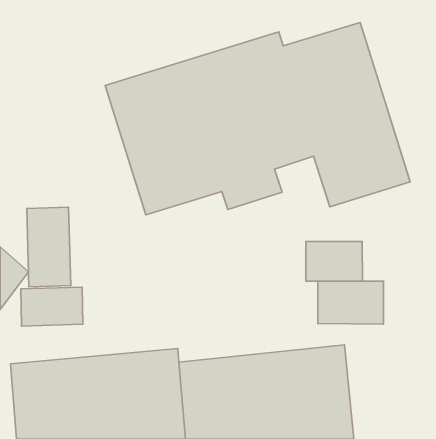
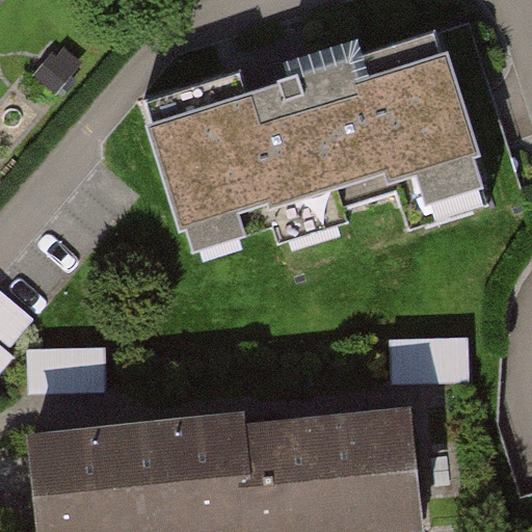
building: [27,207,71,287] -> none
building: [306,241,362,281] -> none

